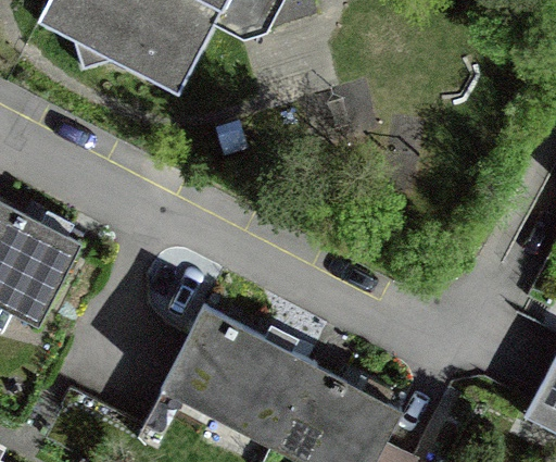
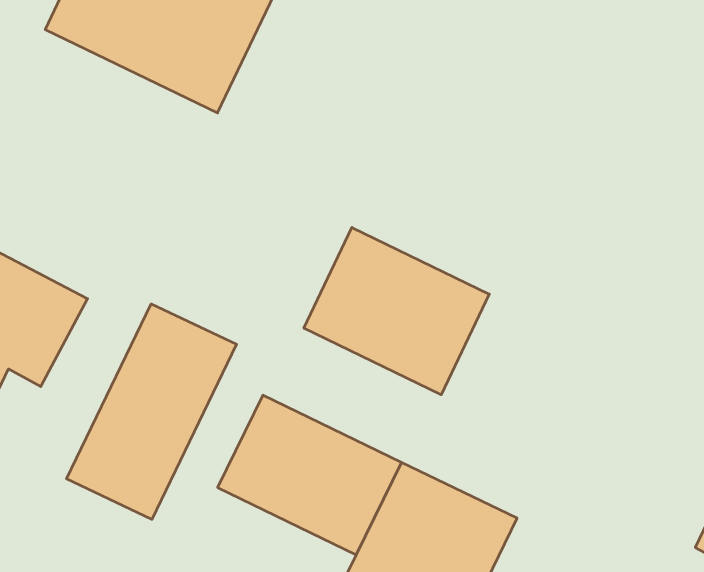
building: none -> [304,227,489,395]
building: none -> [67,304,237,519]

